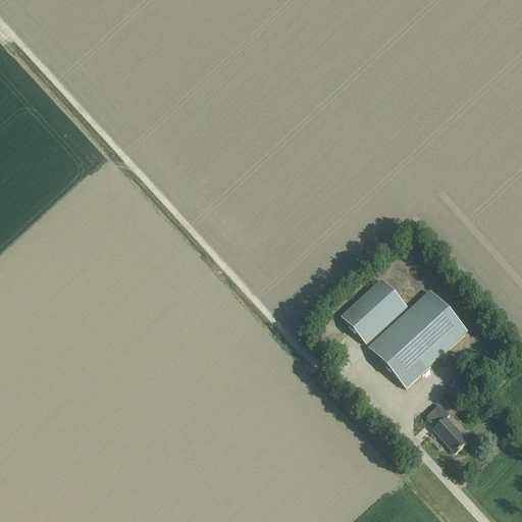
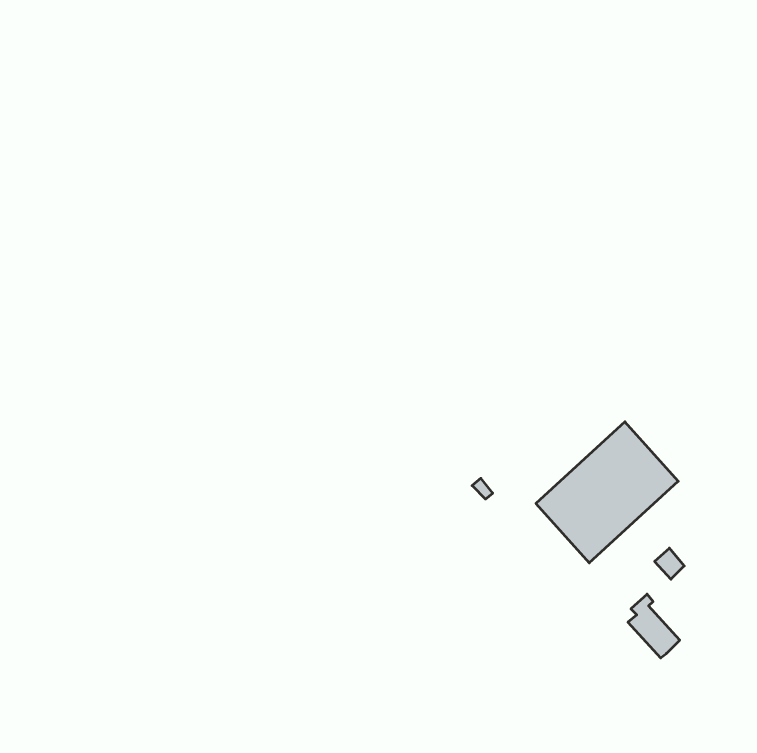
building: [342,278,408,343] -> none

